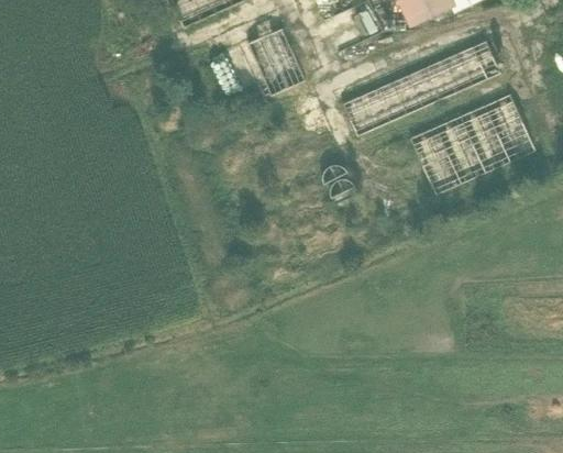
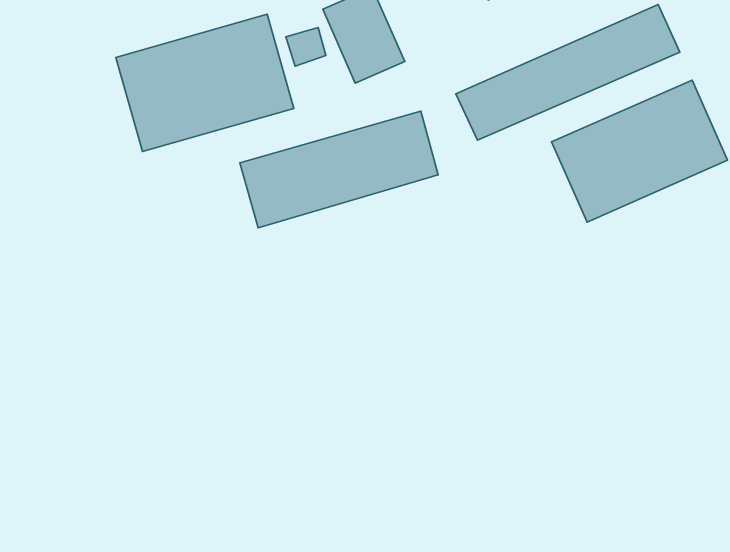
building: none -> [116,14,294,152]
building: none -> [240,111,438,228]

